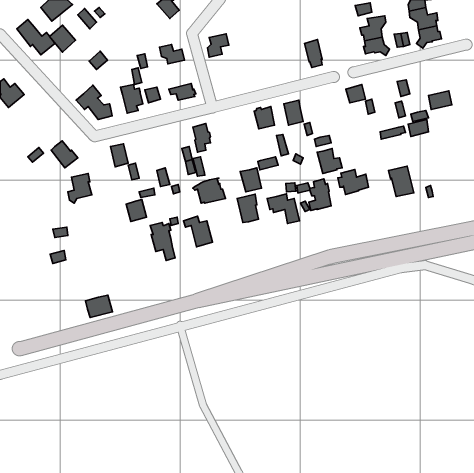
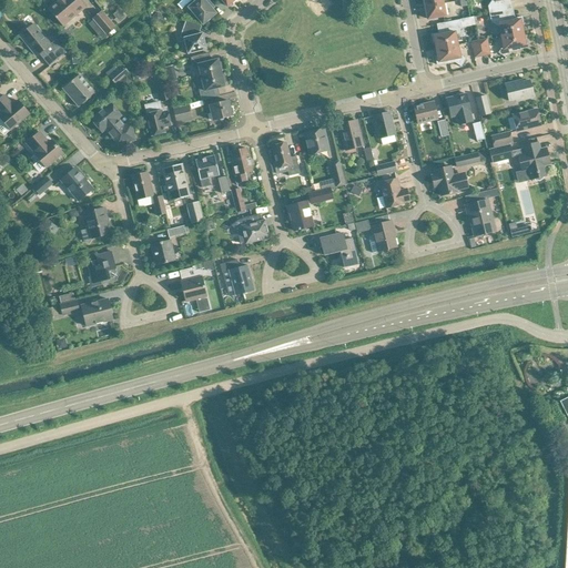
building: none -> [180,20,206,53]
building: [50,25,76,52] -> [63,74,94,106]
building: [207,34,229,57] -> [199,72,224,100]
building: [304,40,322,67] -> [374,111,395,144]
building: none -> [505,80,534,101]
building: none -> [446,93,473,124]
building: none -> [27,131,62,173]
building: none -> [272,142,301,175]
building: none -> [518,142,550,179]
building: none -> [195,155,220,187]
building: none -> [162,164,190,200]
building: [338,170,369,195] -> [432,165,468,195]
building: [237,194,258,222] -> none
building: none -> [88,251,115,283]
building: [86,295,113,318] -> [81,298,113,325]

